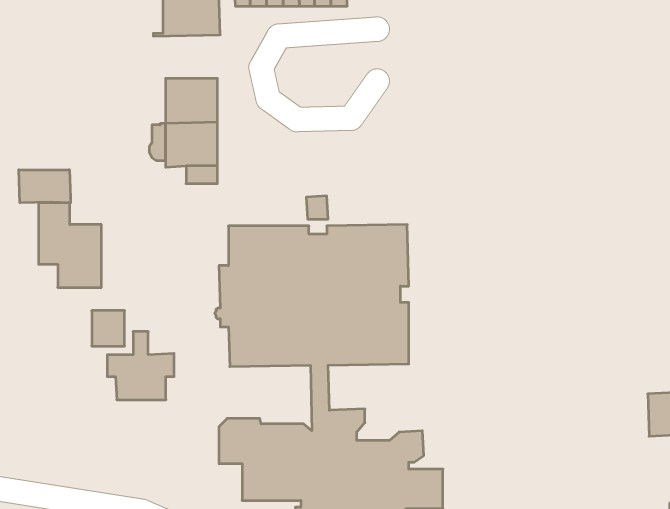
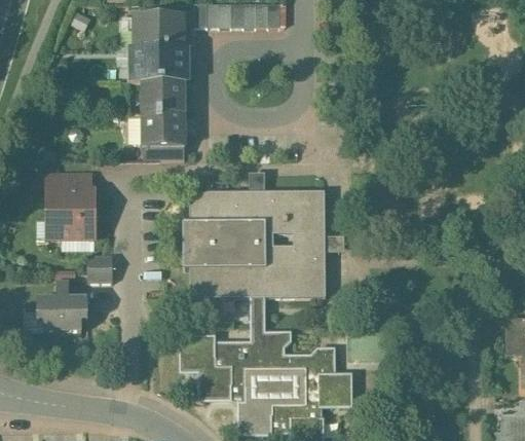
building: none -> [128,46,187,79]
building: [19,170,71,203] -> none
building: [107,332,174,400] -> [37,280,87,331]

